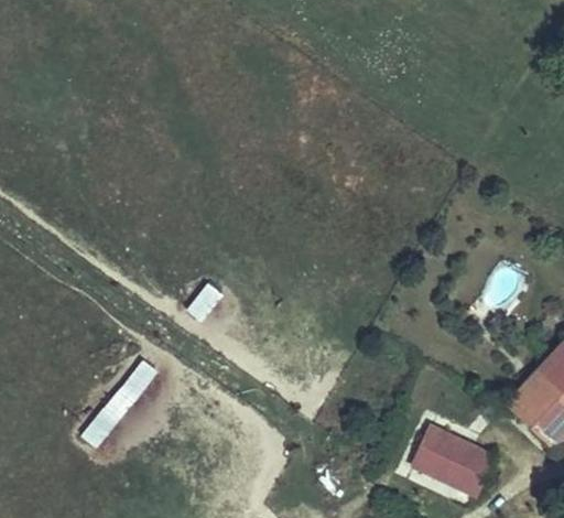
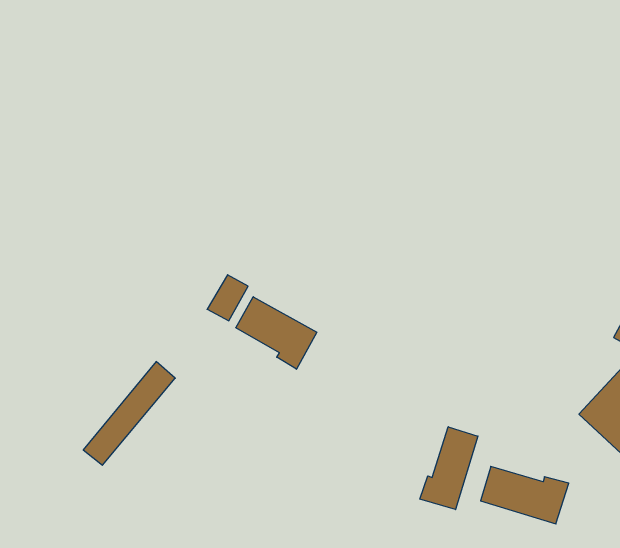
building: none -> [236,297,317,369]
building: none -> [420,427,478,510]

